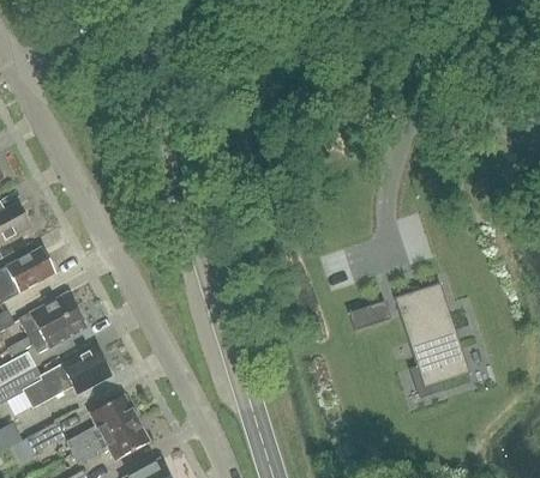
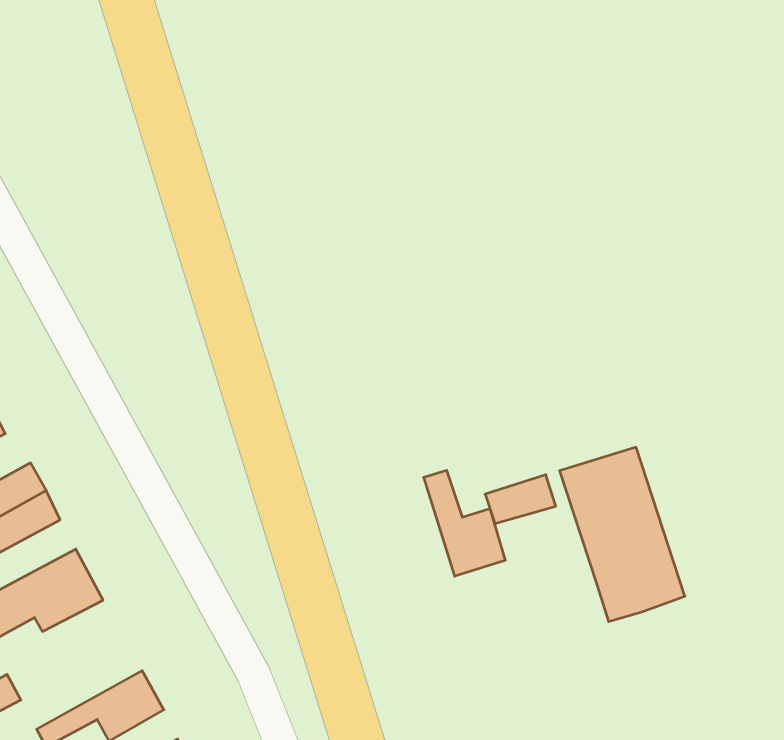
building: none -> [424,470,505,576]
building: [65,394,137,454] -> none

